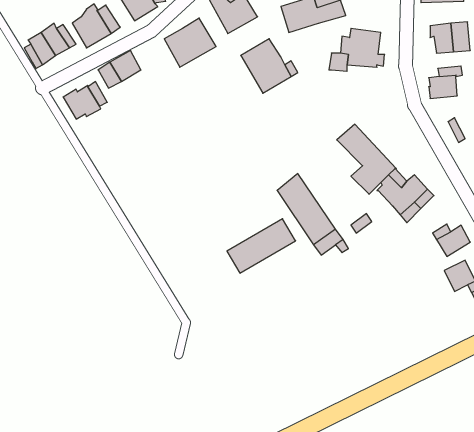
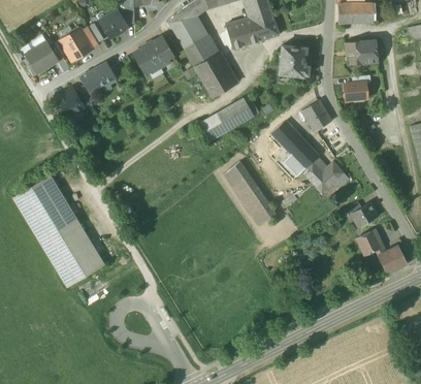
building: none -> [185,35,218,66]
building: none -> [301,99,332,131]
building: none -> [14,175,103,285]
building: [227,219,296,273] -> [199,97,254,140]

